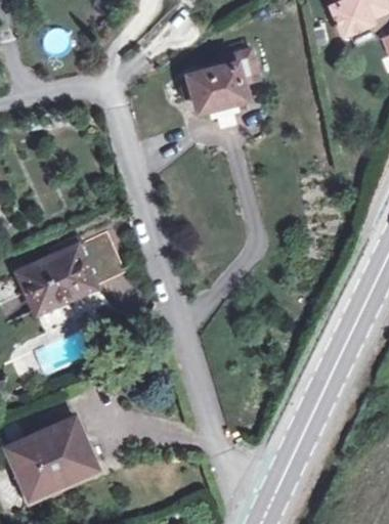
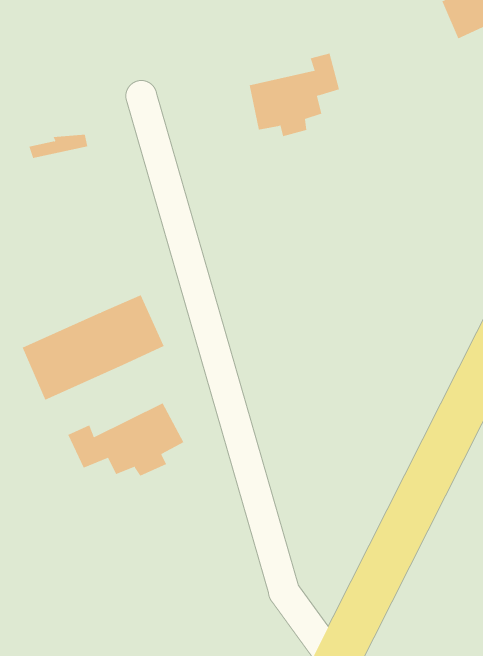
building: none -> [68,402,184,477]
building: [6,418,91,497] -> none

